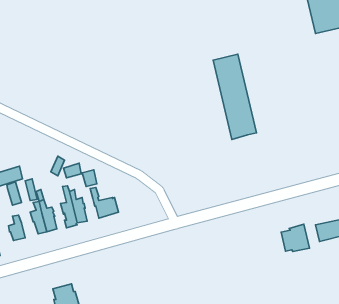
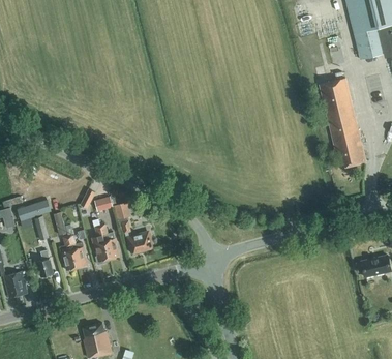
building: [213,54,256,140] -> [320,79,365,169]
building: [281,224,310,252] -> none

